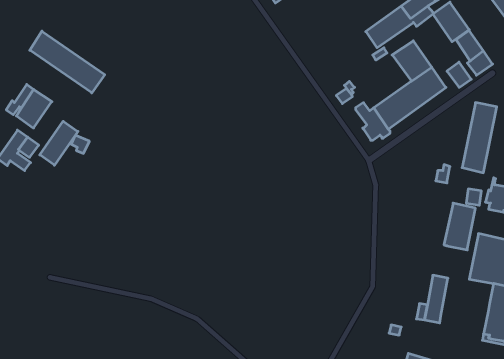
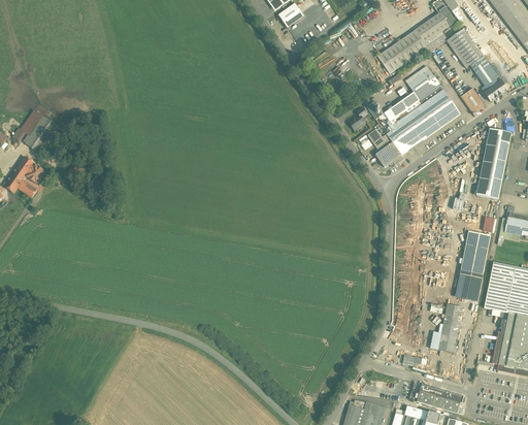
building: [30,31,105,93] -> none
building: none -> [375,94,425,133]
building: [40,121,78,165] -> none
building: none -> [457,273,482,297]

